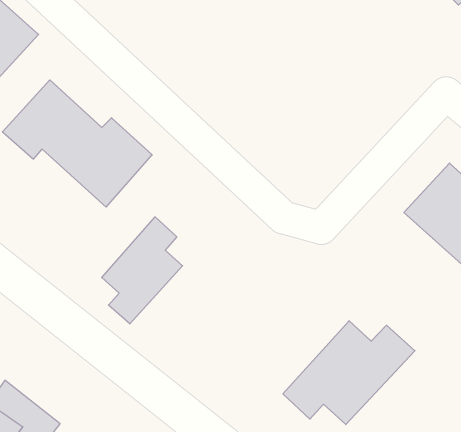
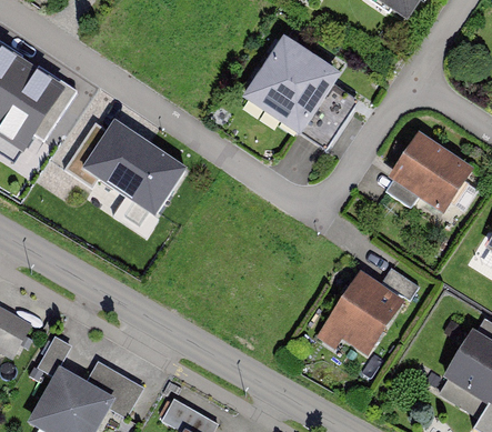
building: none -> [248,41,341,137]
building: [102,217,183,324] -> none

